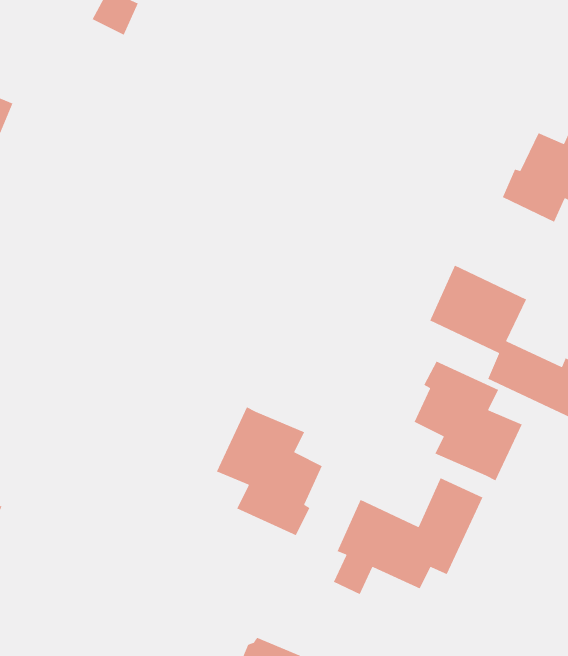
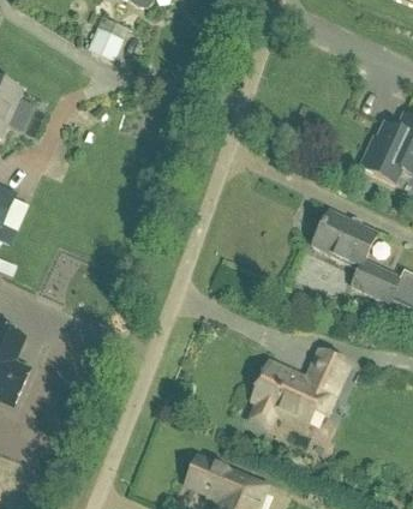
building: [414,360,523,481] -> none
building: [216,406,323,536] -> none

